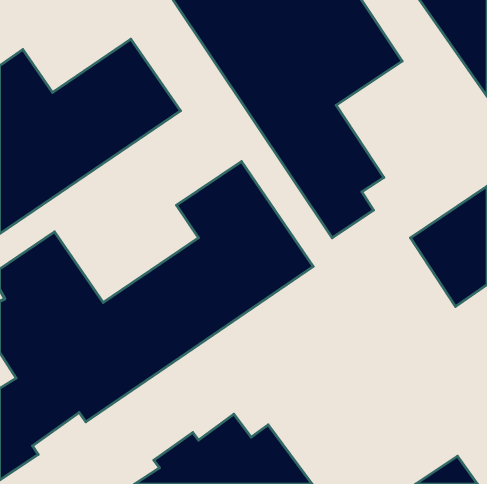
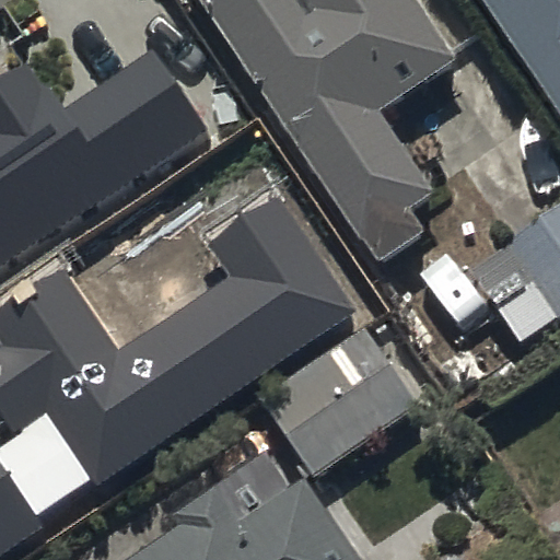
building: none -> [262,329,421,482]

